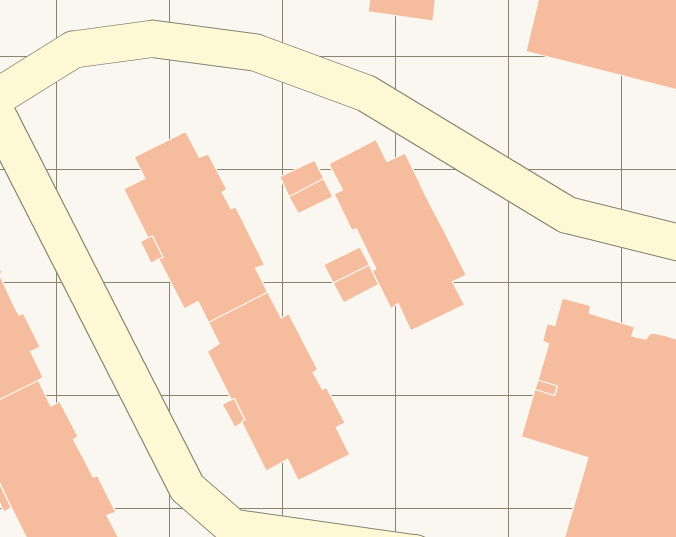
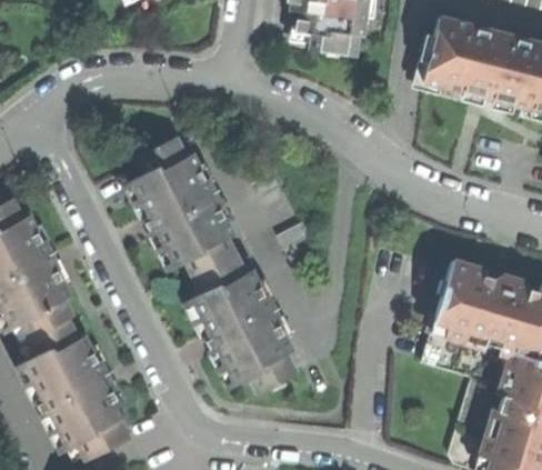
building: [329,140,466,331] -> none

